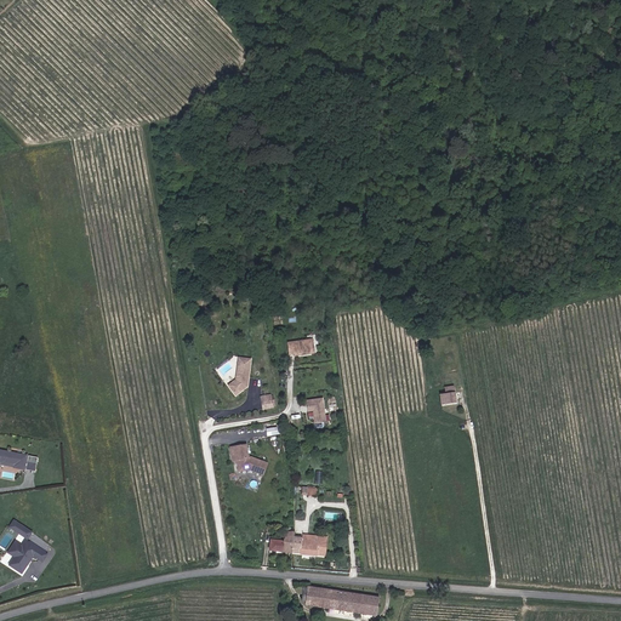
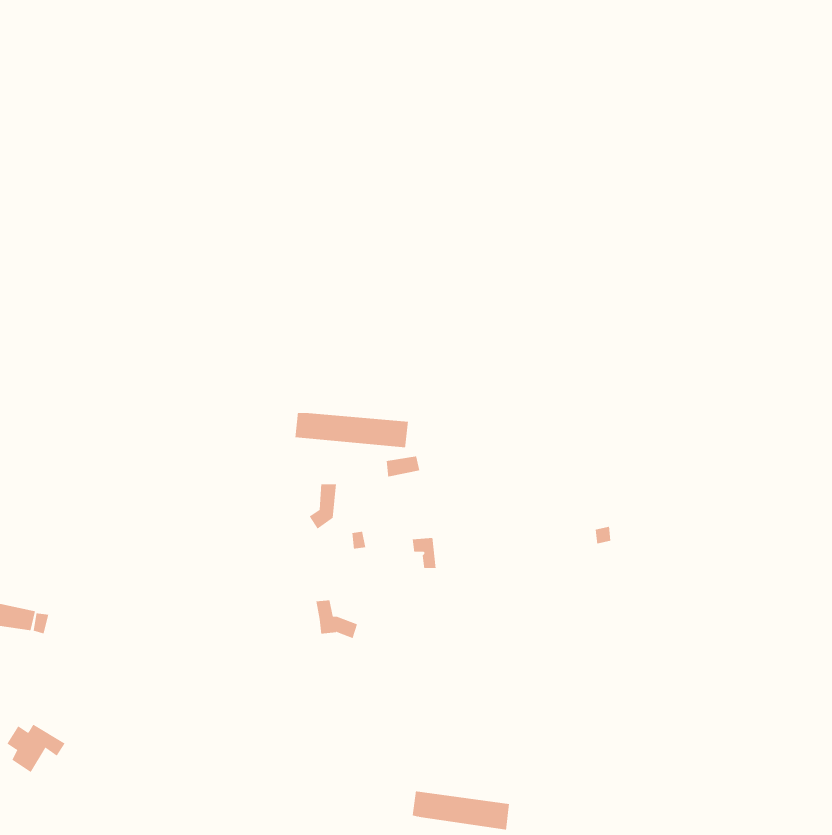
building: none -> [295,412,409,448]
building: [268,532,326,557] -> none

